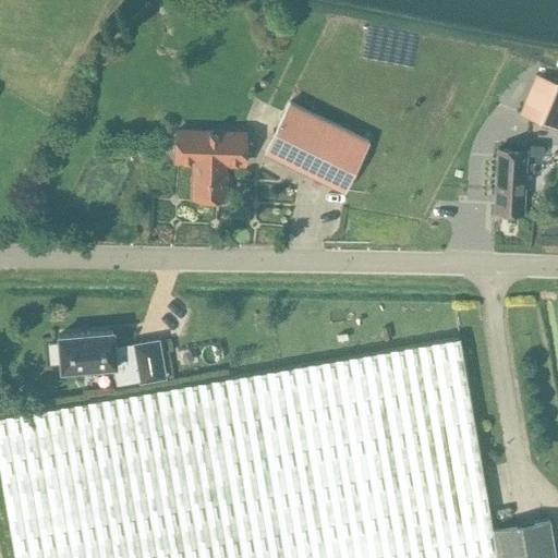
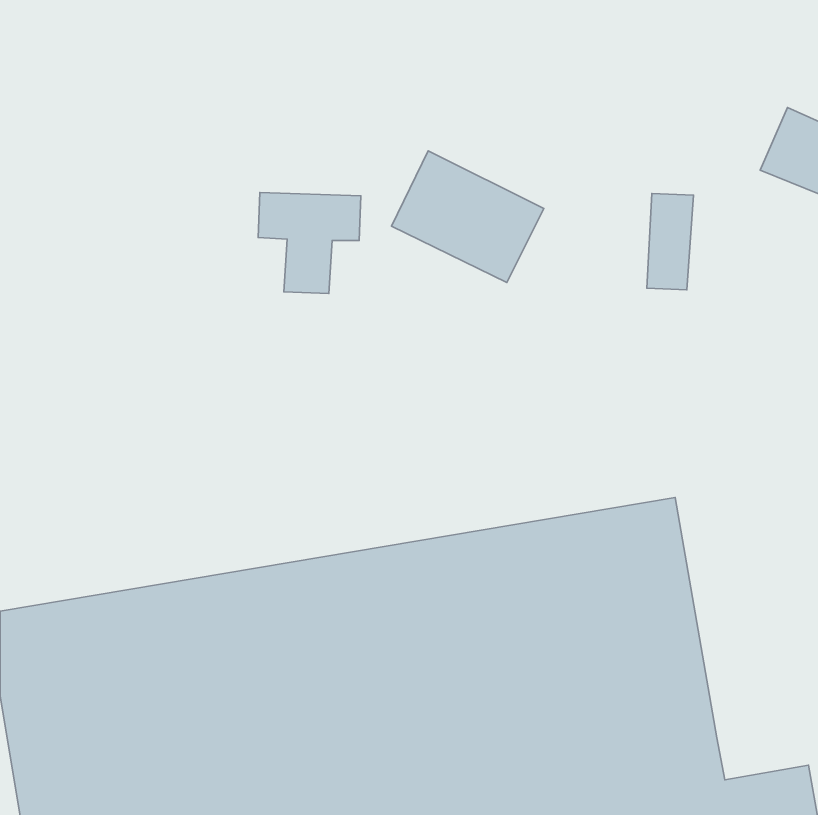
building: [496,151,527,217] -> [647,194,693,290]
building: [50,335,163,389] -> none

